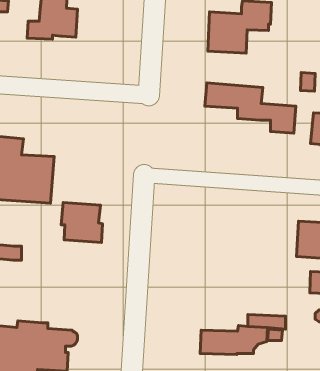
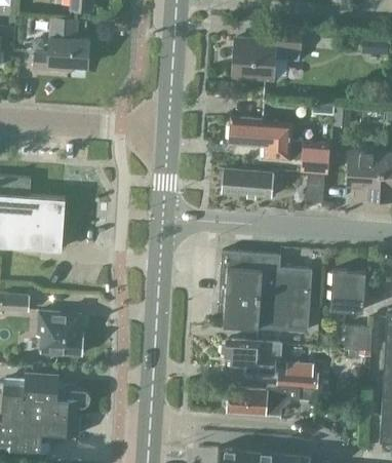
building: none -> [223,169,273,198]
building: none -> [305,176,325,203]
building: [61,202,102,243] -> [37,312,82,356]
building: none -> [219,253,311,332]
building: none -> [221,341,282,377]

